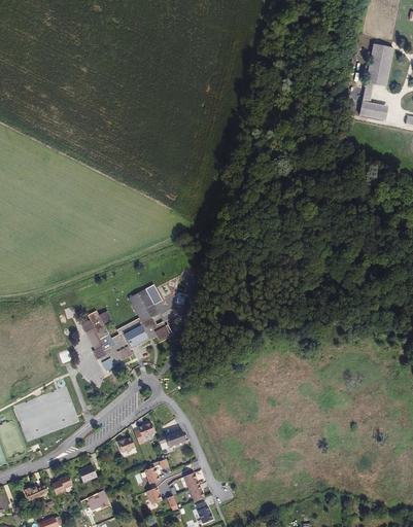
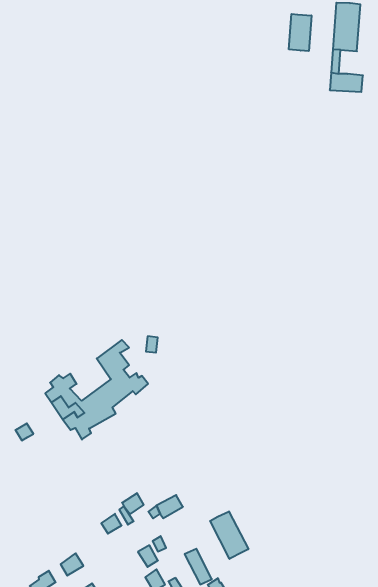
building: none -> [289,14,311,51]
building: none -> [210,511,248,559]

